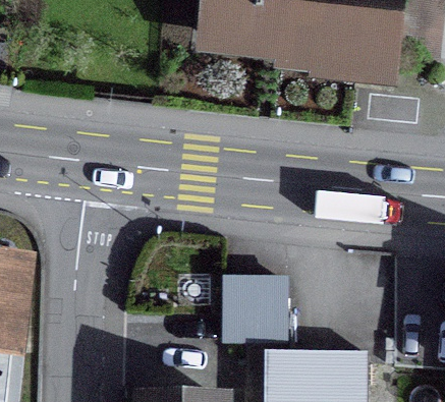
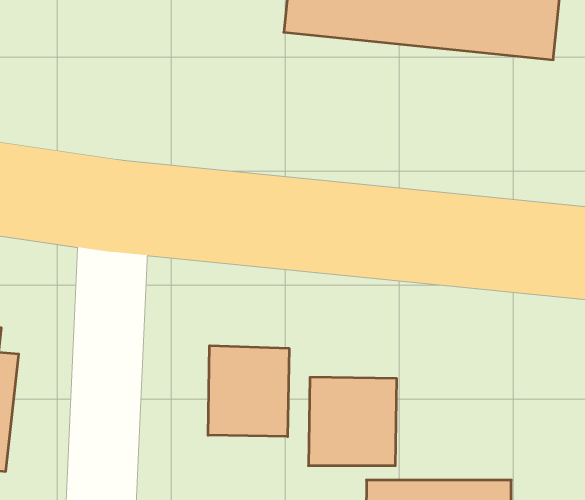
building: none -> [208,346,289,437]

